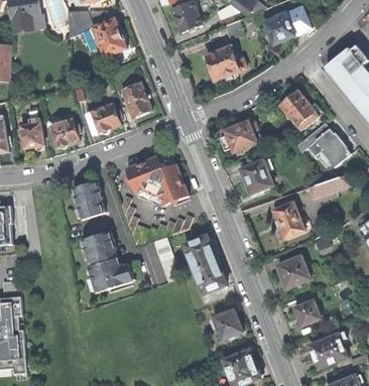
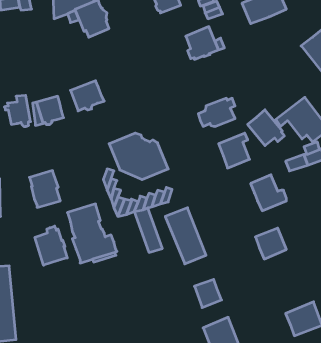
building: [120,82,150,117] -> none
building: [278,89,317,126] -> [248,110,284,146]
building: [73,180,105,219] -> [29,171,60,207]
building: none -> [35,226,67,265]
building: [293,299,321,326] -> none

